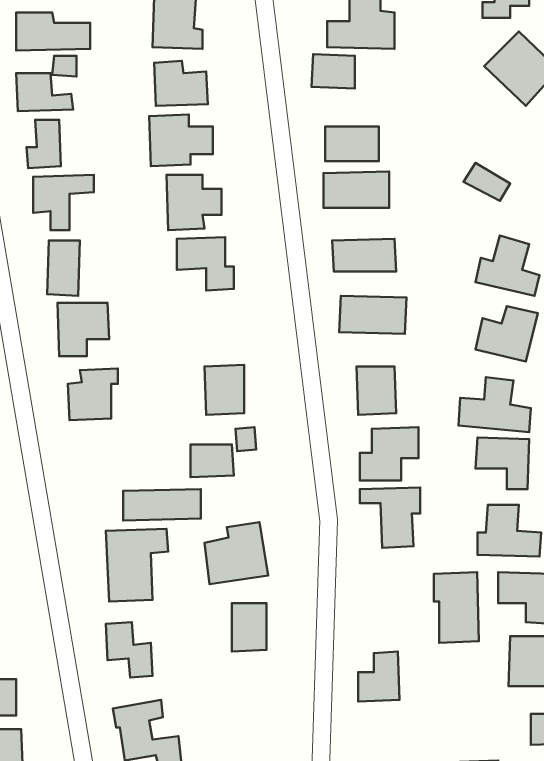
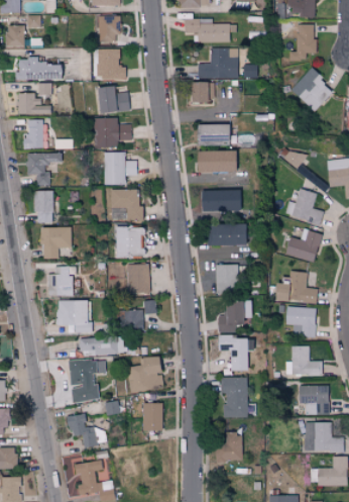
building: none -> [116,227,144,257]
building: none -> [57,300,93,333]
building: [434,572,479,643] -> [222,377,248,418]

